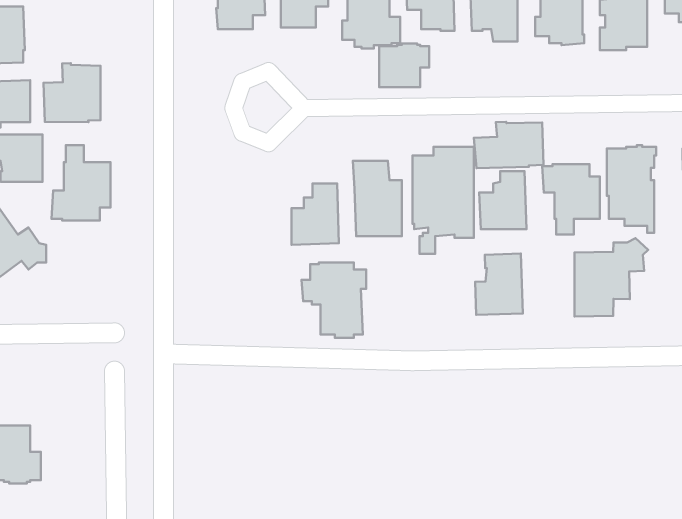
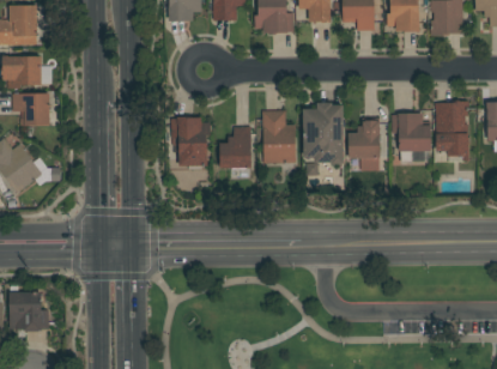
building: [379,44,429,87] -> none
building: [44,63,100,122] -> none
building: [474,122,543,168] -> none
building: [51,145,111,221] -> none
building: [574,238,648,316] -> none
building: [475,254,523,315] -> none
building: [301,262,366,338] -> [165,117,210,169]

